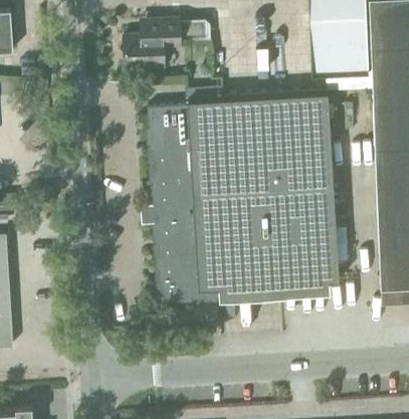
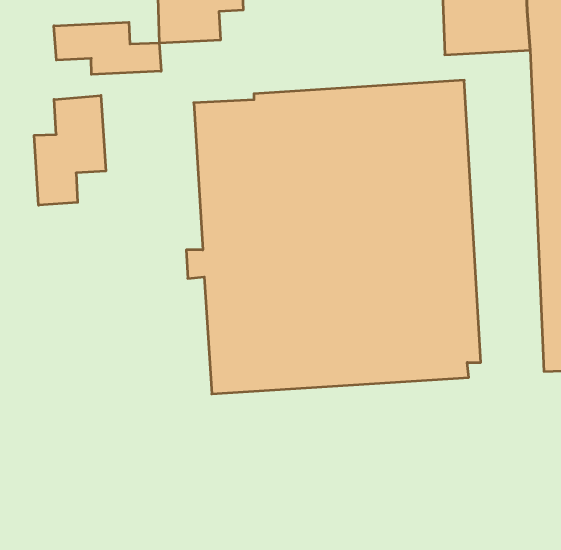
building: none -> [54,22,161,74]
building: none -> [34,95,106,205]

